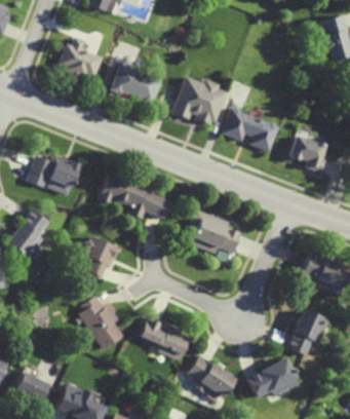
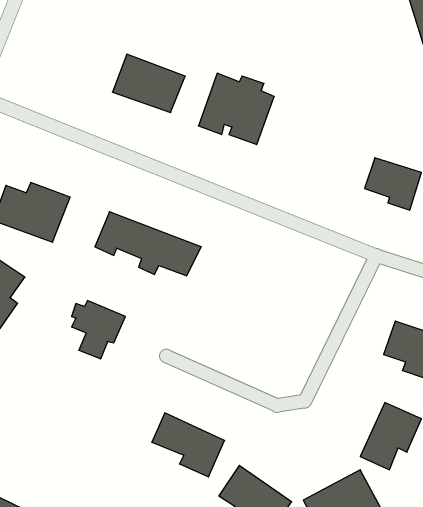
building: [57,39,103,79] -> none
building: [221,106,279,151] -> none
building: [189,209,241,254] -> none
building: [81,296,125,349] -> none

